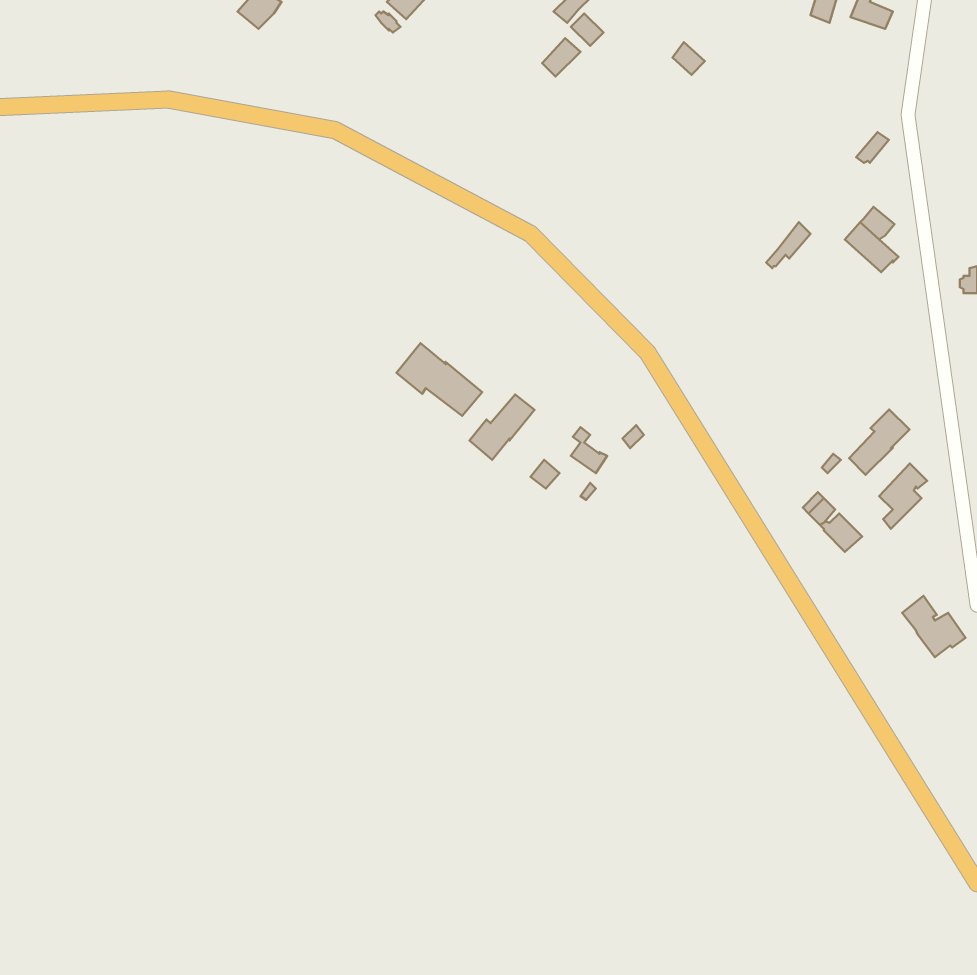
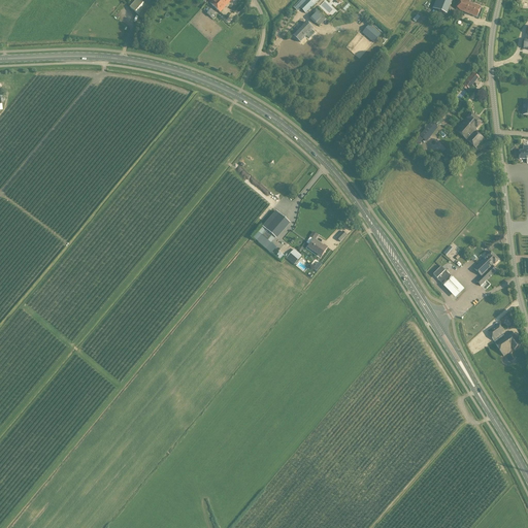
building: [397,343,482,416] -> none
building: [849,410,910,475] -> none

